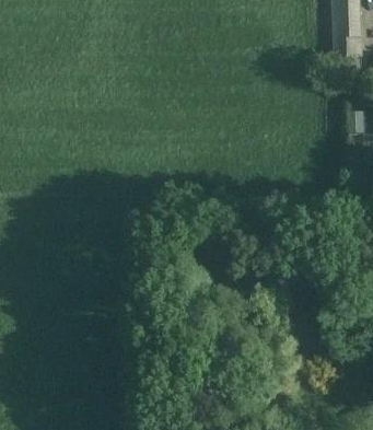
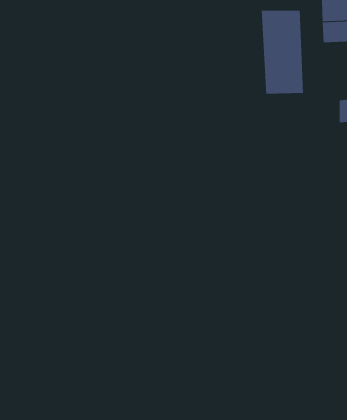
building: none -> [261,10,303,95]

